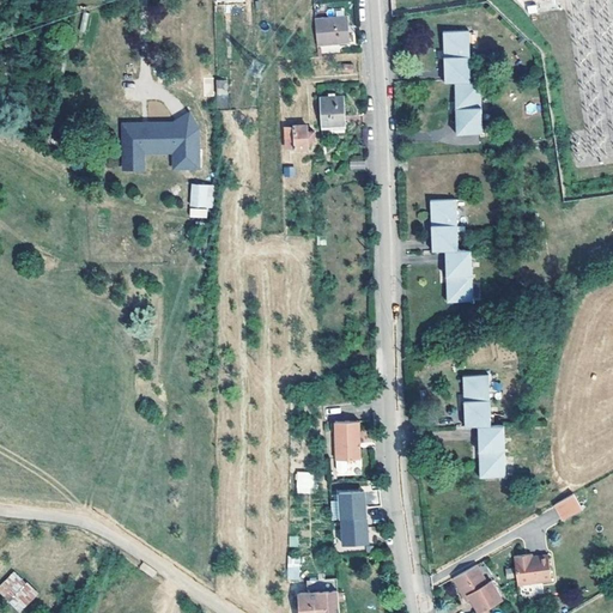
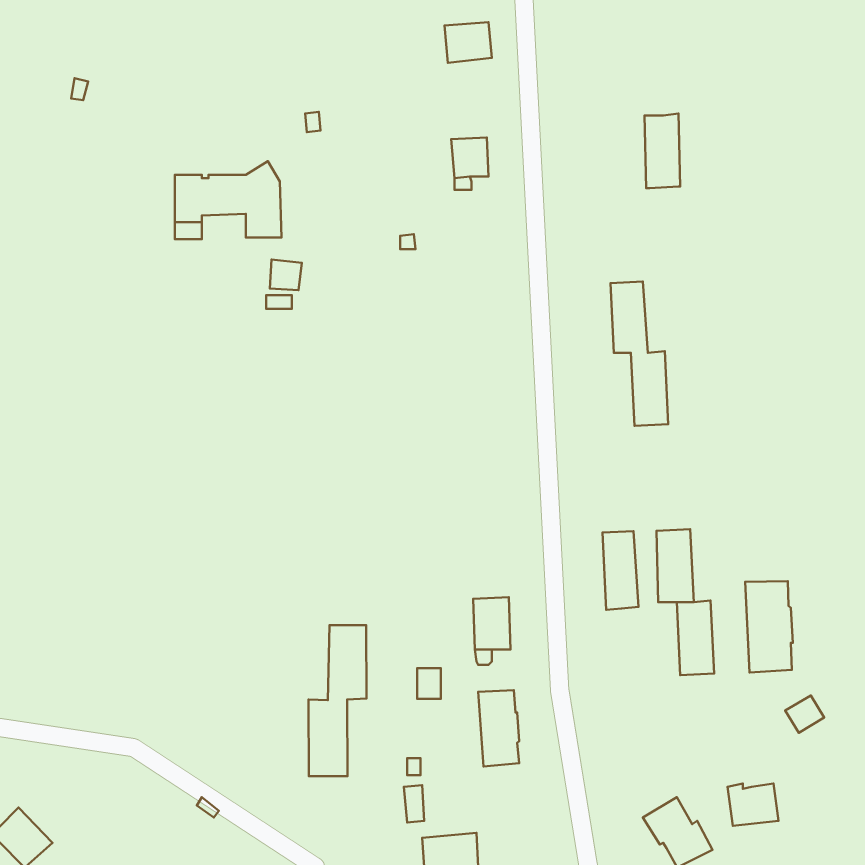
building: [444,31,468,83] -> none
building: [284,126,312,148] -> none
building: none -> [603,531,638,610]
building: none -> [745,581,793,673]
building: none -> [308,625,366,776]

